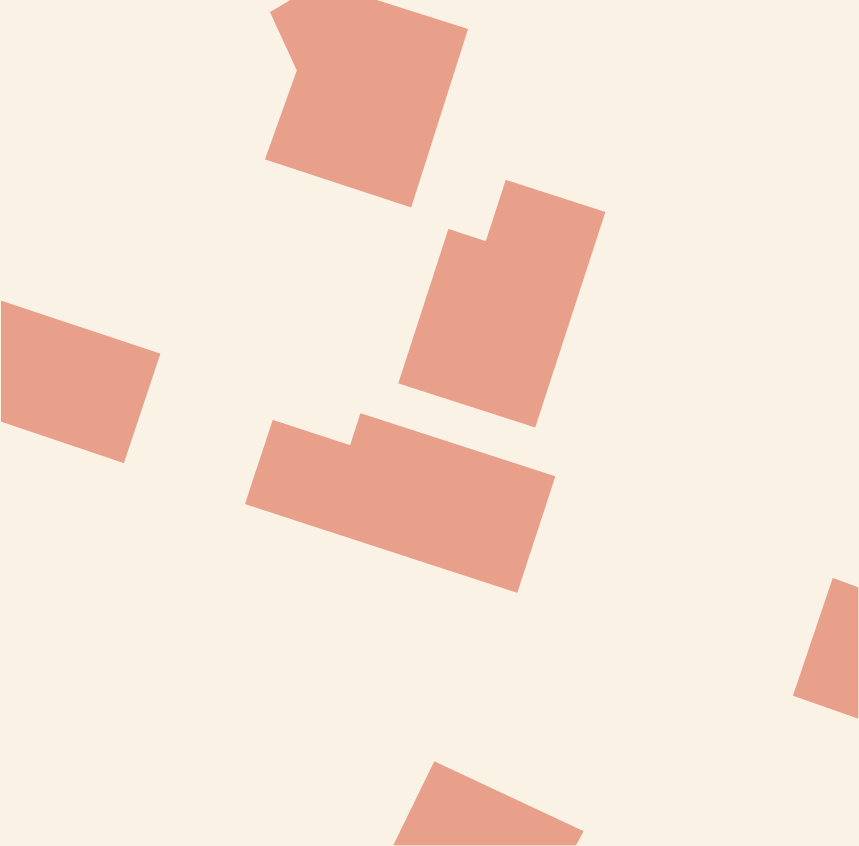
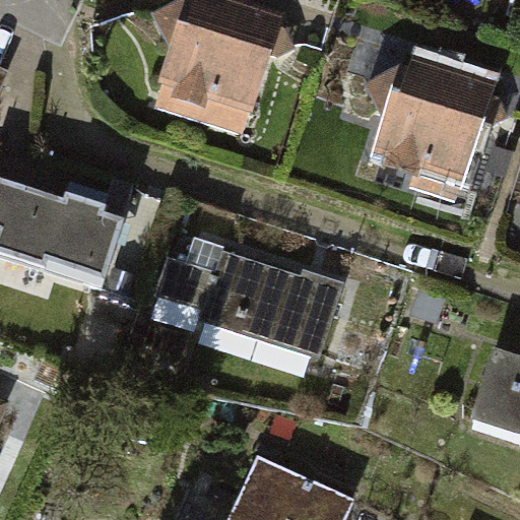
building: none -> [373,56,492,190]
building: [397,179,606,428] -> none

